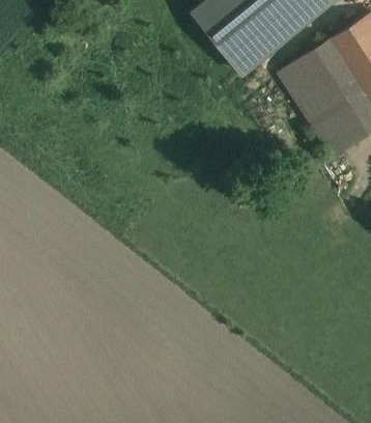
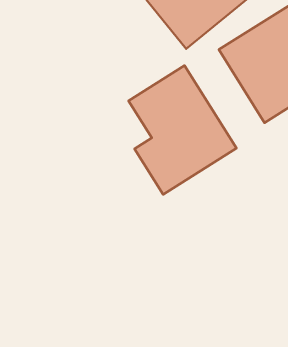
building: none -> [128,65,236,194]

